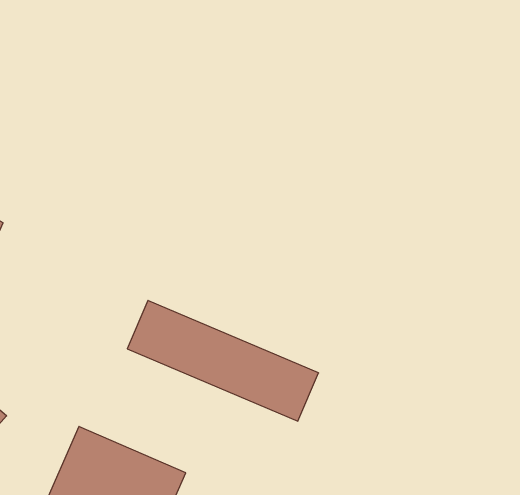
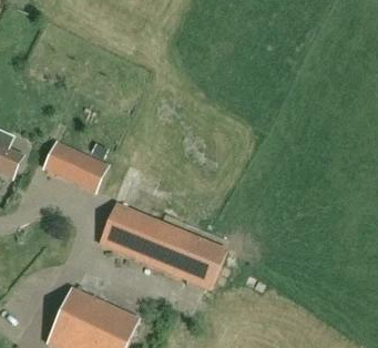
building: none -> [42,139,113,193]

